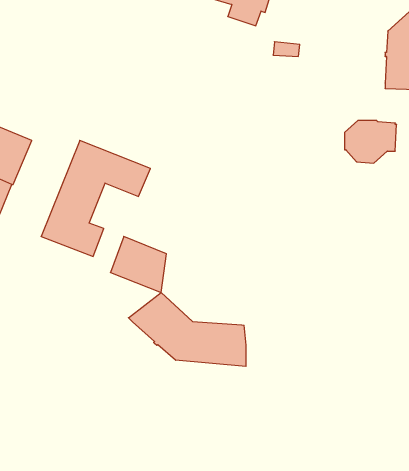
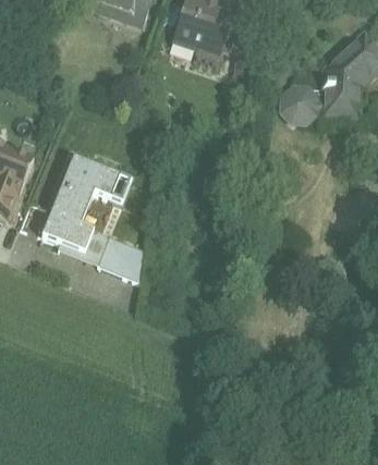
building: [345,120,397,163] -> [280,86,322,121]
building: [128,292,246,366] -> none

